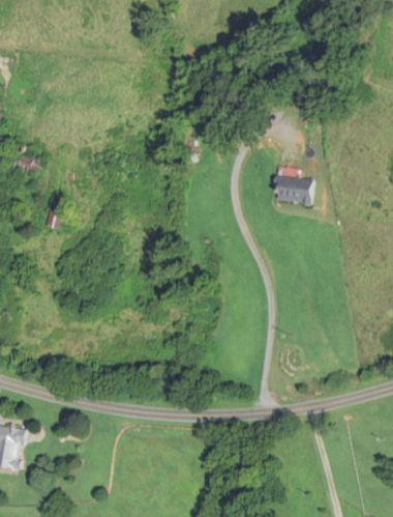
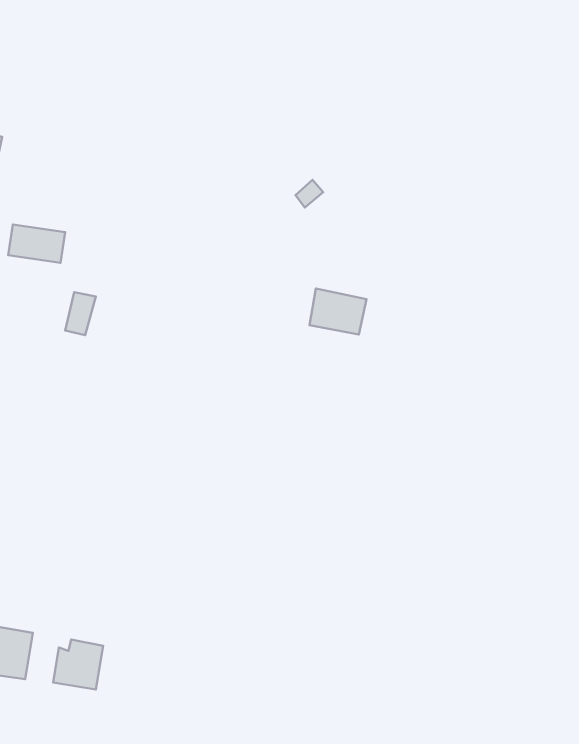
building: [276,174,314,205] -> [310,288,366,334]
building: none -> [53,640,103,689]

